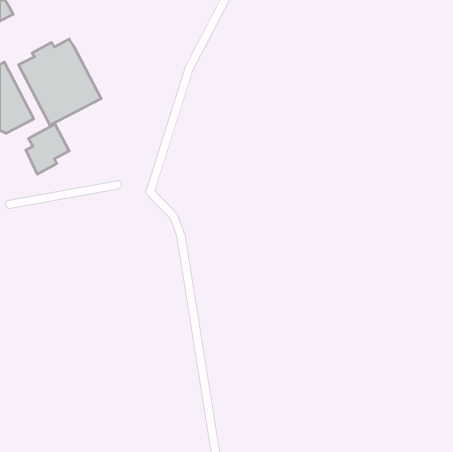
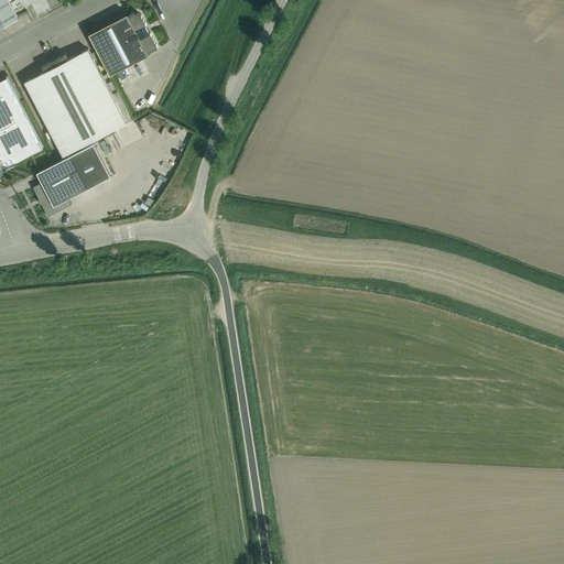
building: none -> [87,14,156,76]
building: none -> [68,144,109,189]

